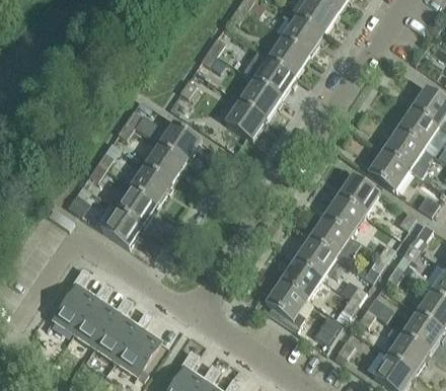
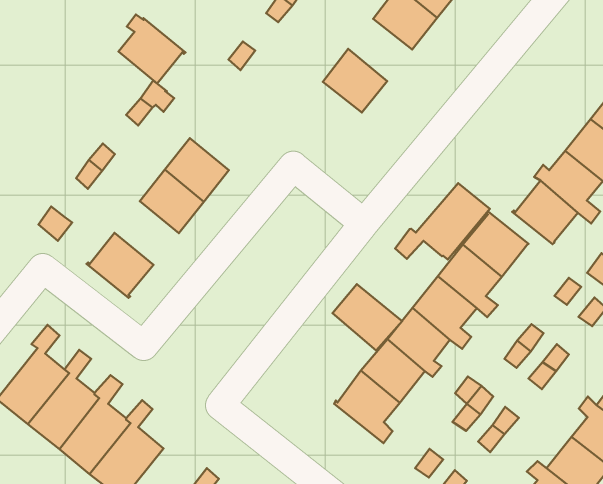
building: [254,58,295,96] -> none
building: [225,100,267,140] -> none
building: [159,119,202,161] -> [118,14,186,84]
building: none -> [395,183,490,260]
building: [117,185,157,225] -> none
building: none -> [333,284,402,350]

